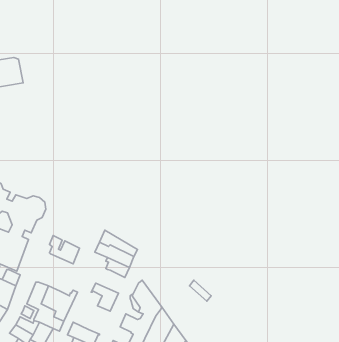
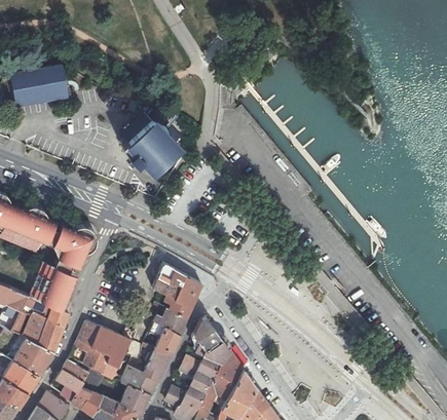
building: none -> [120,113,181,175]
building: [49,236,79,264] -> [152,303,186,335]
building: none -> [145,349,170,381]

